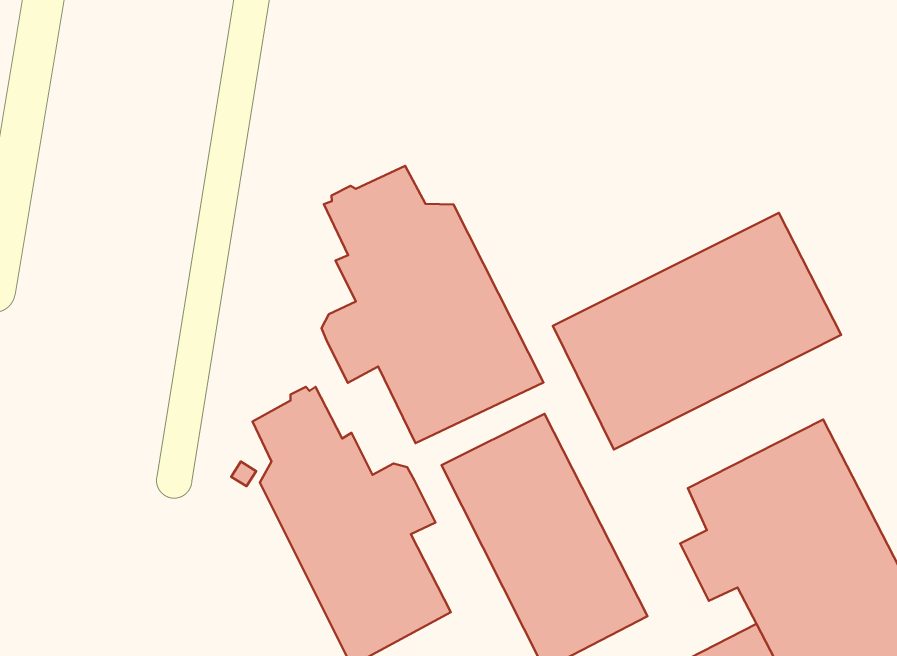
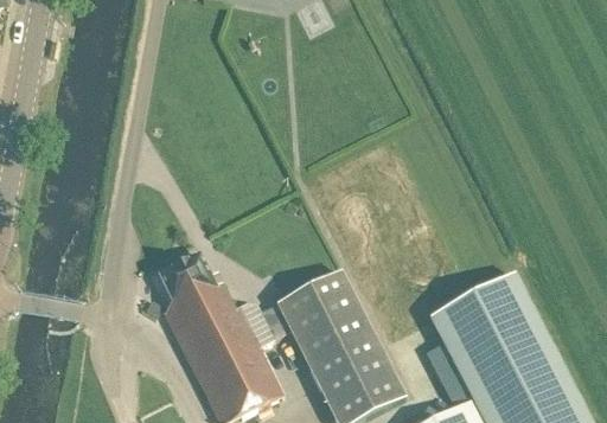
building: [321,166,543,443] -> none
building: [553,213,841,450] -> none

